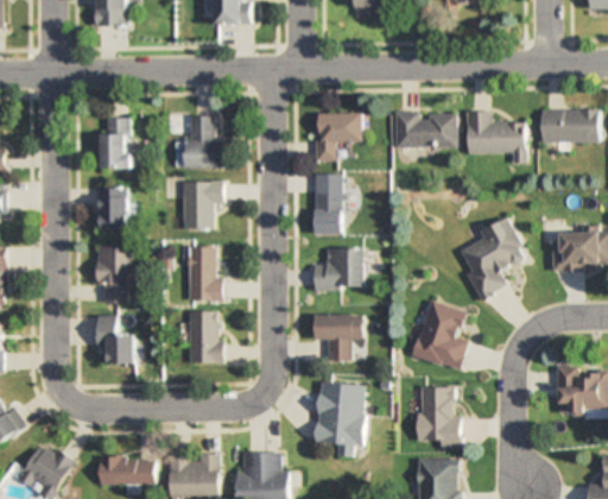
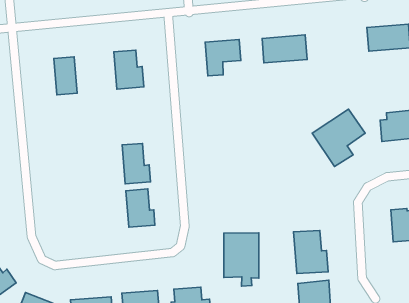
building: [466,112,525,164] -> none
building: [314,173,342,232] -> none
building: [182,181,222,229] -> none
building: [97,185,129,228] -> none
building: [97,246,131,302] -> none
building: [312,248,365,290] -> none
building: [412,299,468,371] -> none
building: [316,315,365,360] -> none
building: [97,316,138,364] -> none

